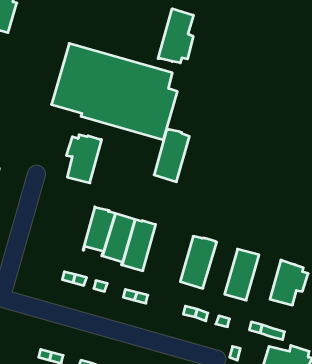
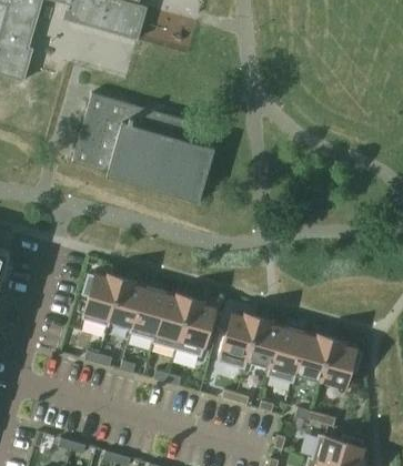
building: [158,9,193,63] -> none
building: [154,129,189,182] -> [175,297,215,357]
building: [66,135,102,183] -> [81,272,121,326]
building: none -> [243,317,282,376]
building: none -> [292,332,331,384]

